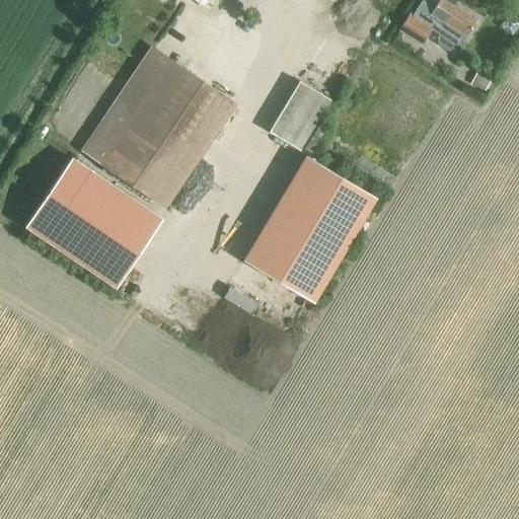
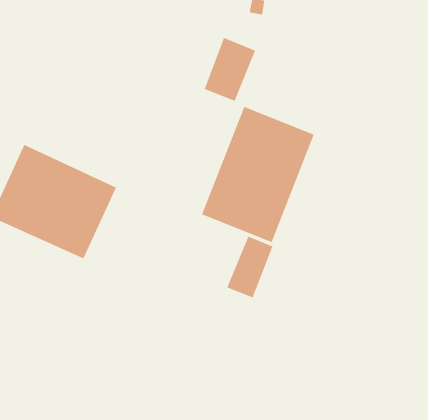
building: [82,47,236,206] -> none
building: none -> [227,236,273,298]

